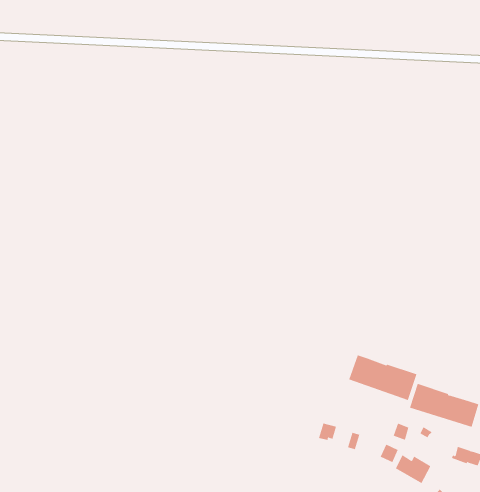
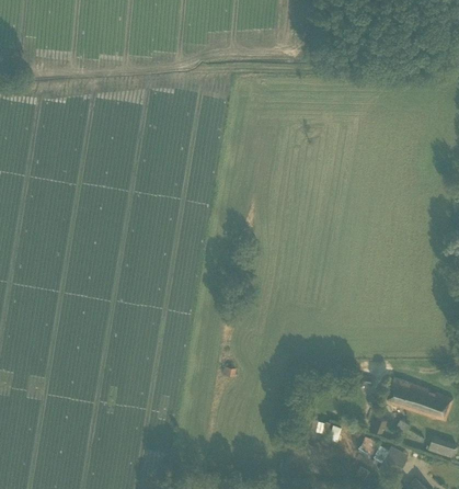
building: [348,354,417,401] -> none

